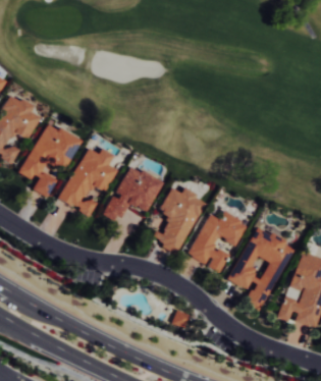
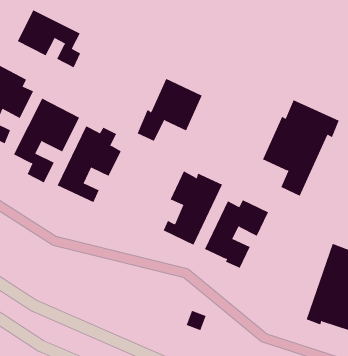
building: none -> [17,10,81,68]
building: [104,165,162,221] -> [137,78,203,142]
building: [229,227,298,313] -> [262,100,339,196]

